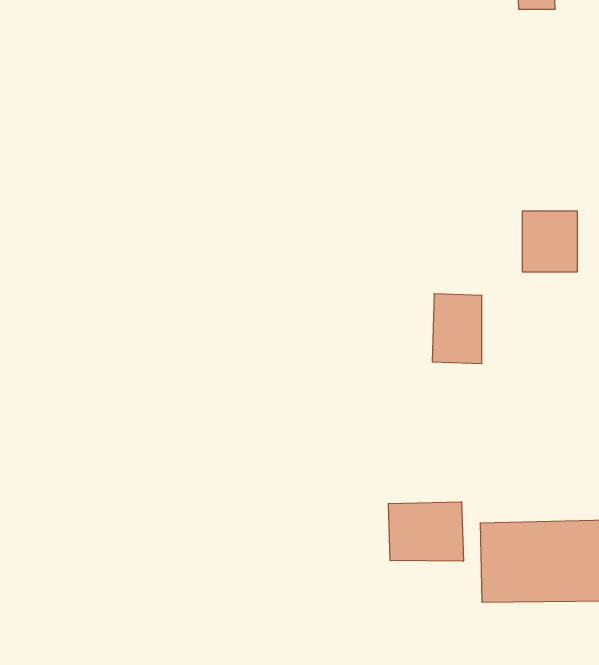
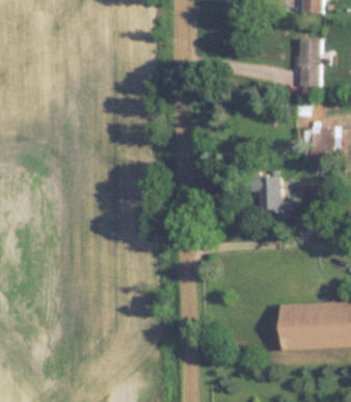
building: none -> [299,39,319,87]
building: [388,502,463,561] -> none

